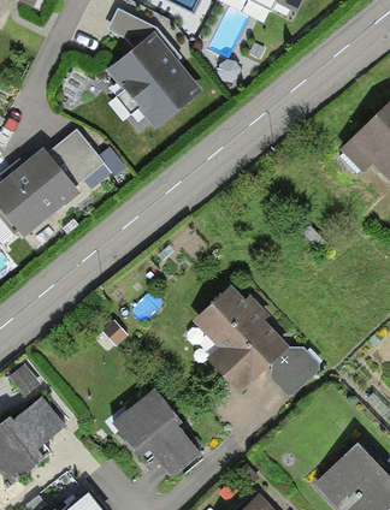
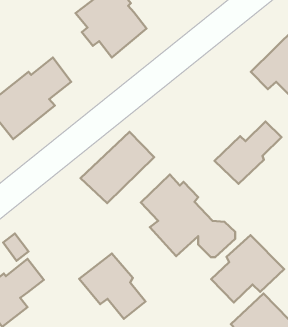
building: none -> [215,122,281,184]
building: none -> [81,132,154,203]
building: none -> [211,235,284,302]

